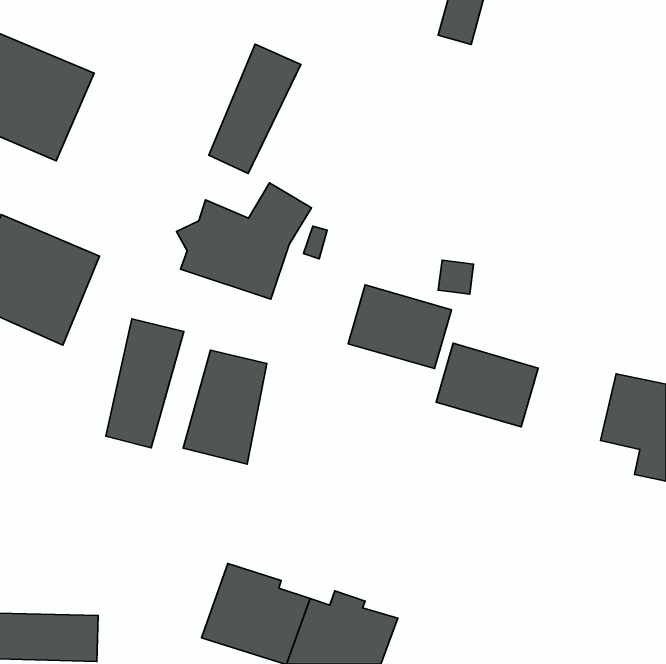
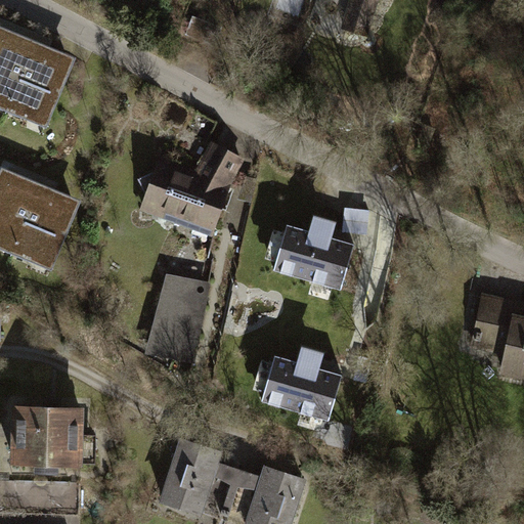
building: [209,44,301,174] -> none
building: [106,319,184,448] -> none
building: [436,343,538,427] -> [261,354,341,420]
building: none -> [6,403,82,471]

